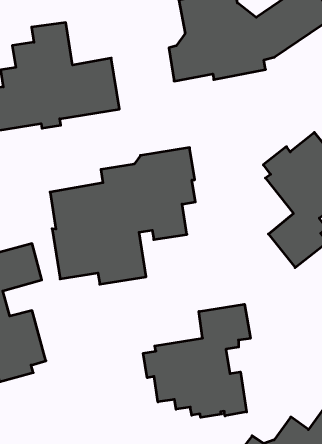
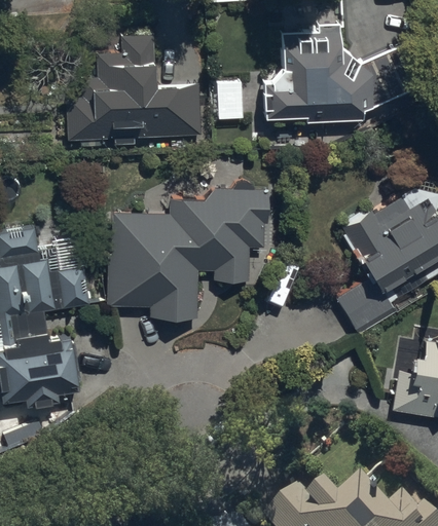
building: [143,304,250,417] -> none

